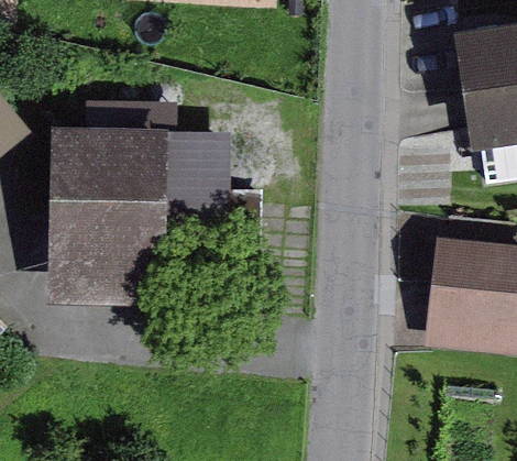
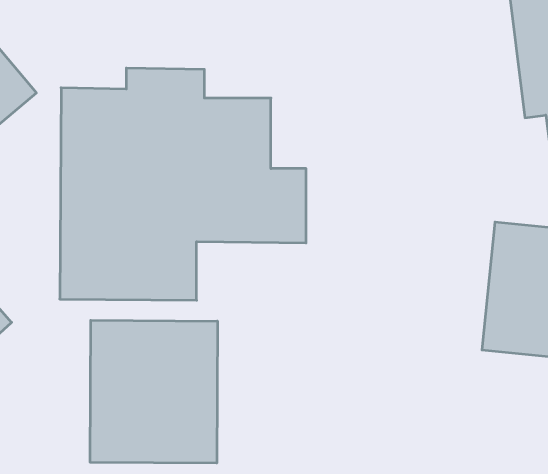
building: none -> [90,320,217,463]

